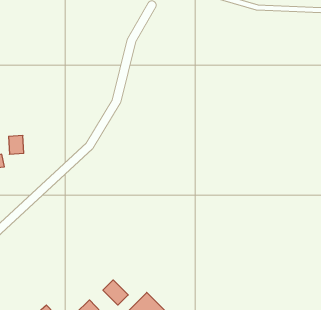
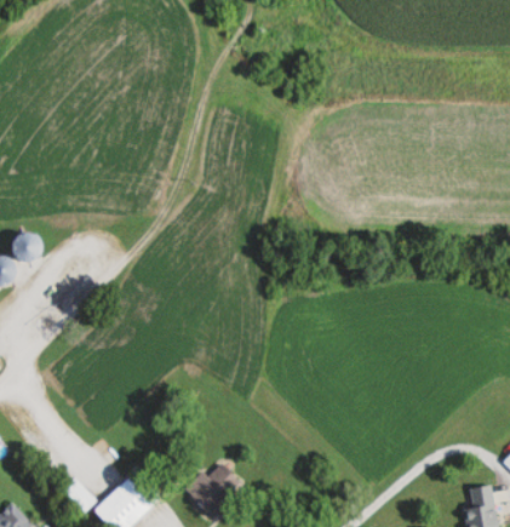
building: [103,280,128,305] -> none

